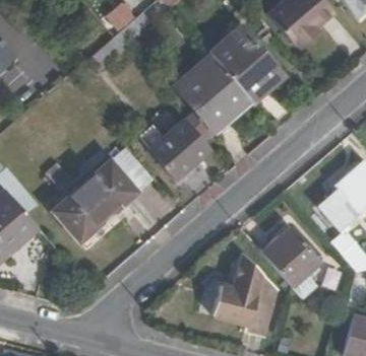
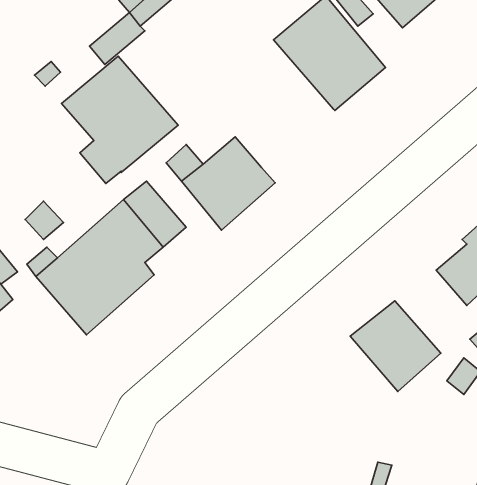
building: [172,55,249,139] -> [62,56,178,183]
building: [212,254,278,337] -> none

